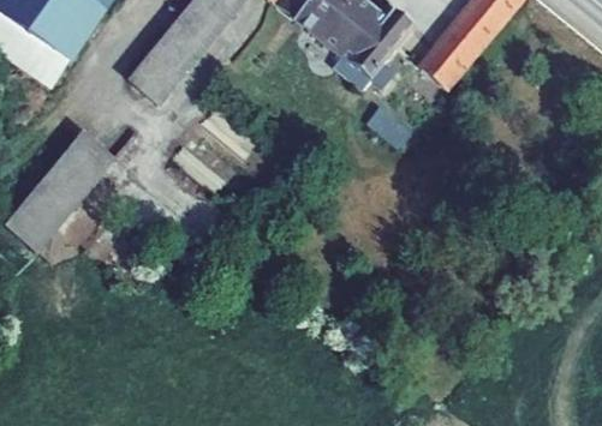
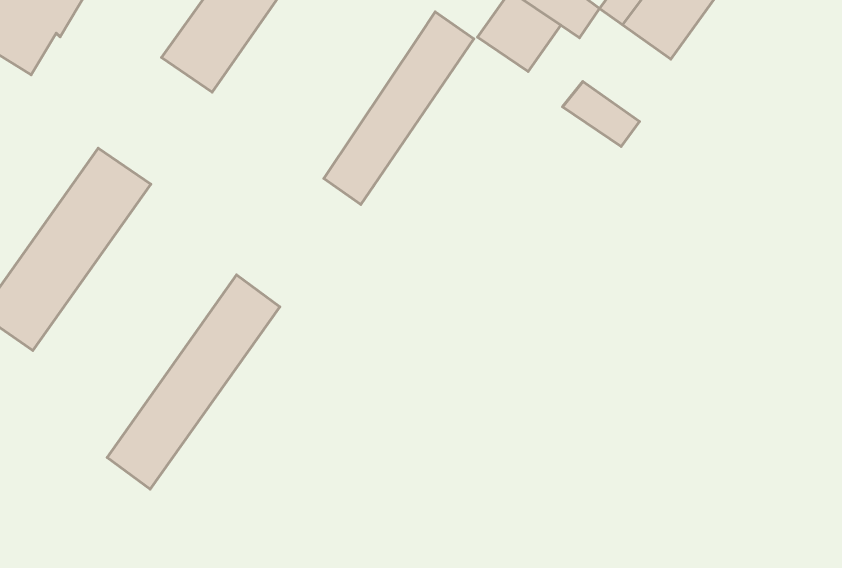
building: none -> [324,12,474,204]
building: none -> [107,275,280,489]

